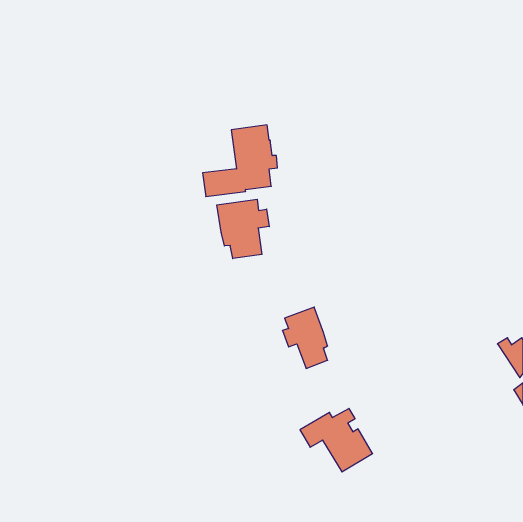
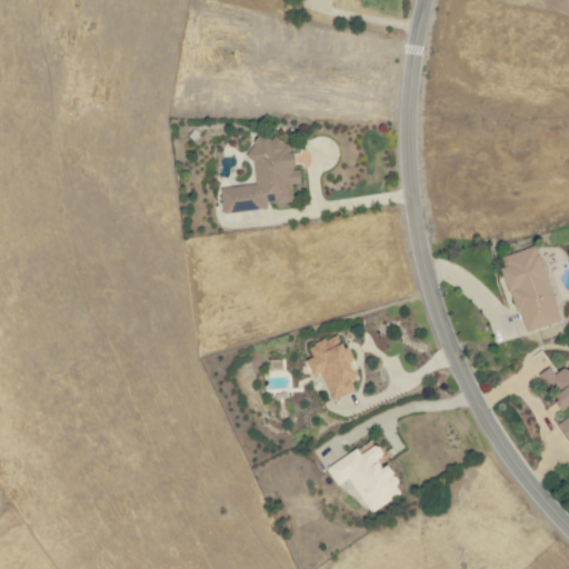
building: [217,199,269,259] -> none
building: none -> [502,244,560,332]

